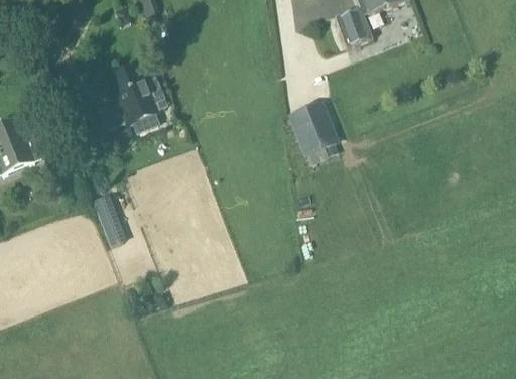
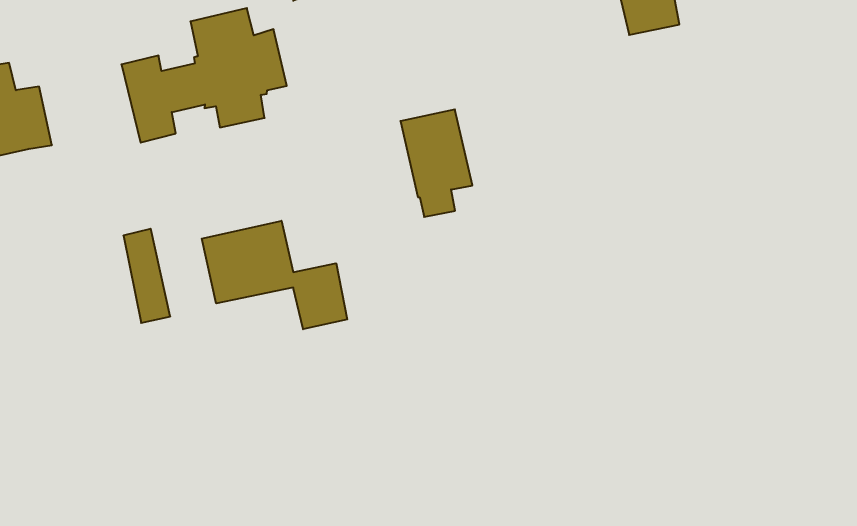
building: [291,102,336,162] -> [400,109,472,217]
building: none -> [202,221,347,329]

